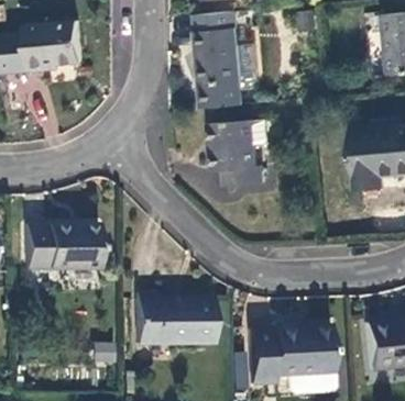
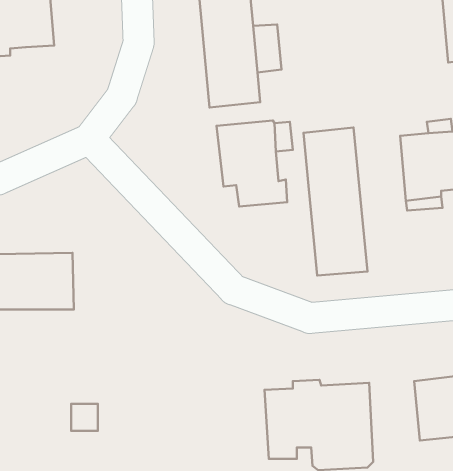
building: none -> [303,127,367,275]
building: [133,293,211,344] -> none

